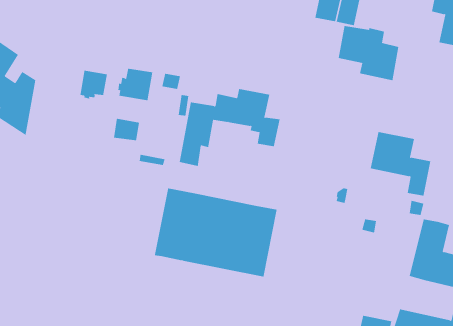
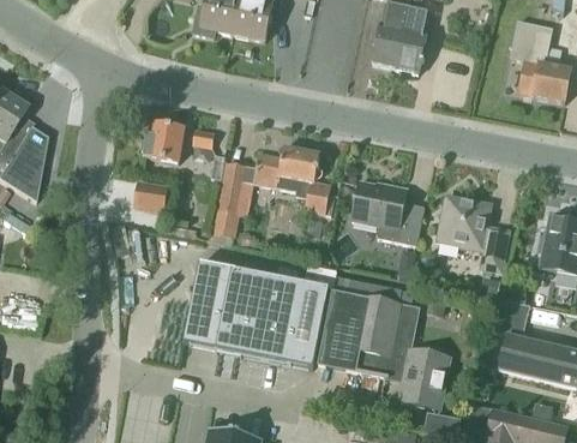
building: [338,25,399,81] -> [350,180,422,245]
building: [80,70,108,99] -> none
building: none -> [317,275,449,411]

